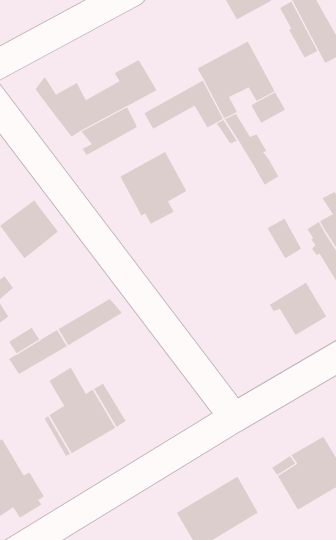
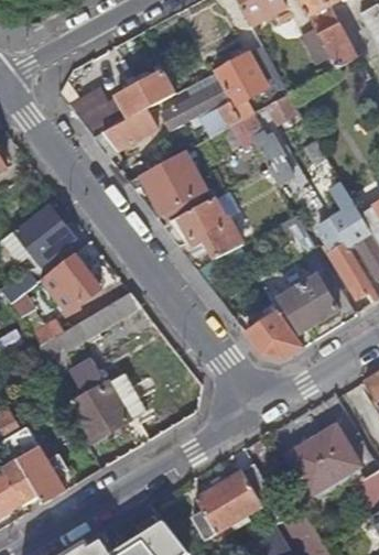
building: none -> [161,198,242,259]
building: none -> [42,254,99,313]
building: none -> [245,313,304,358]

